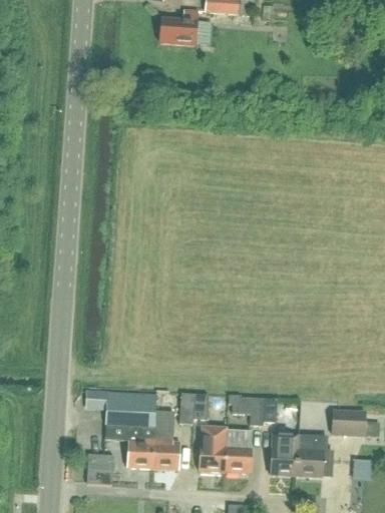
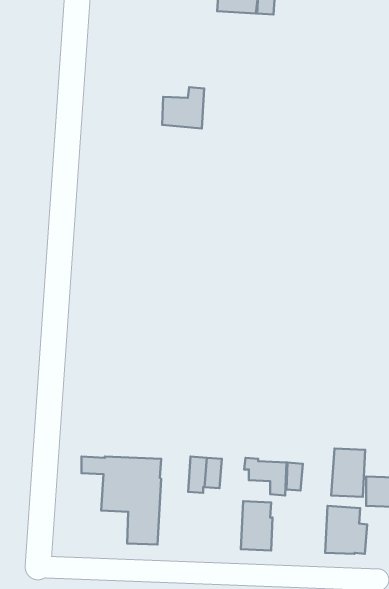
building: [160,9,197,44] -> [162,87,204,128]
building: [153,411,181,469] -> none
building: [199,424,227,471] -> none
building: [270,433,299,474] -> [331,449,365,497]
building: [87,453,113,483] -> none

